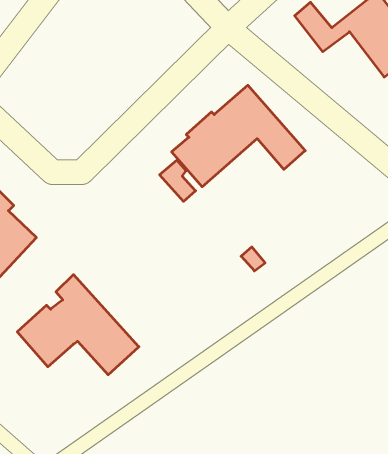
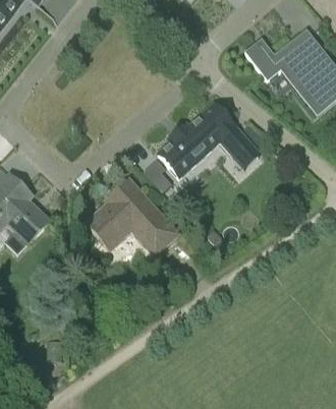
building: [17,275,139,375] -> [87,179,179,255]

